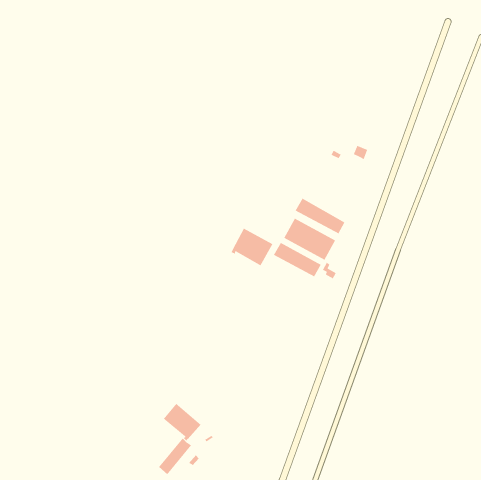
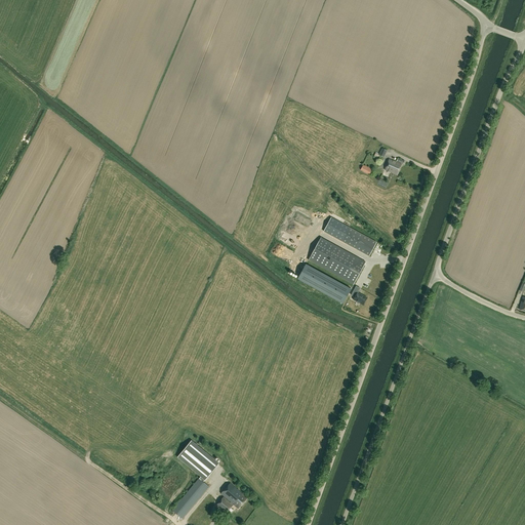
building: [231,228,274,266] -> none
building: none -> [216,482,247,513]

